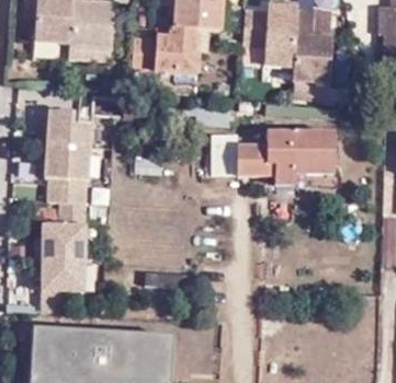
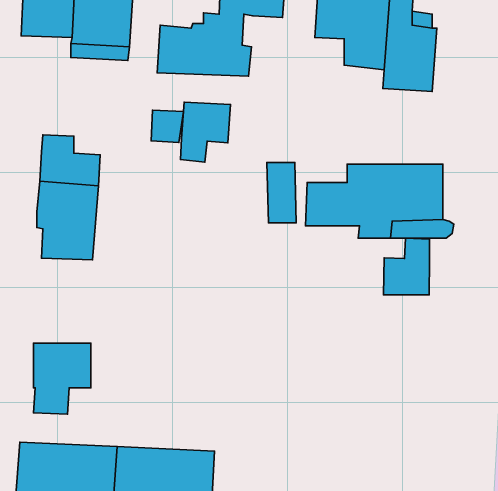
building: none -> [181,102,231,162]
building: none -> [383,238,430,295]
building: [44,209,86,258] -> none

